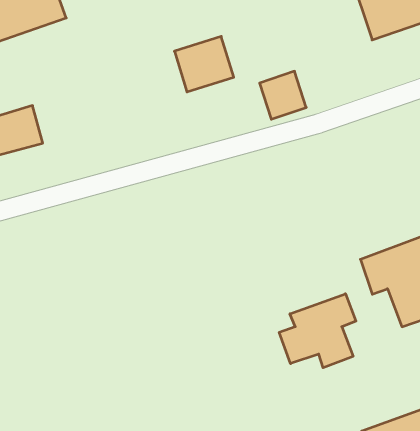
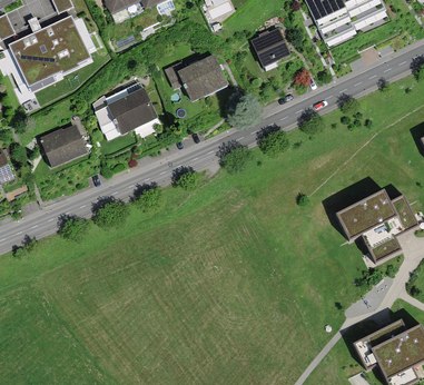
building: none -> [107,90,157,136]
building: [260,71,306,119] -> [250,29,288,68]
building: [279,294,356,368] -> none

